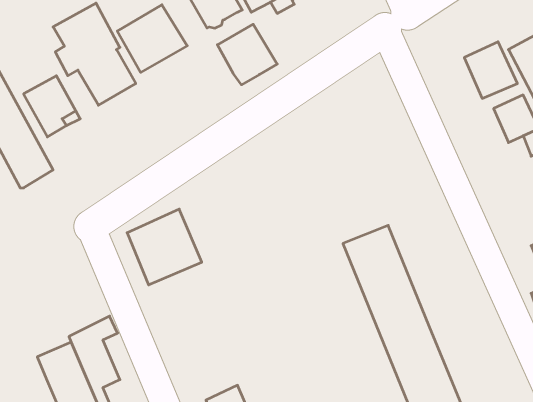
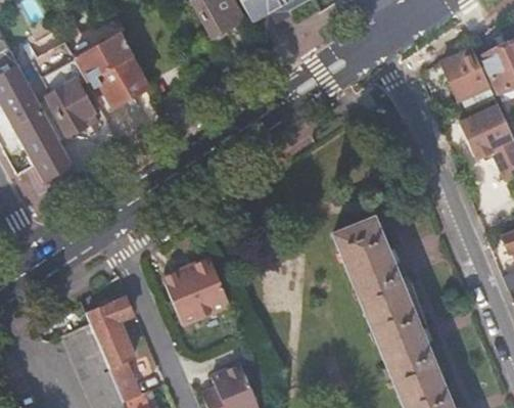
building: [117,5,187,72] -> none
building: [217,24,277,85] -> none
building: [127,209,202,285] -> [162,254,230,322]

